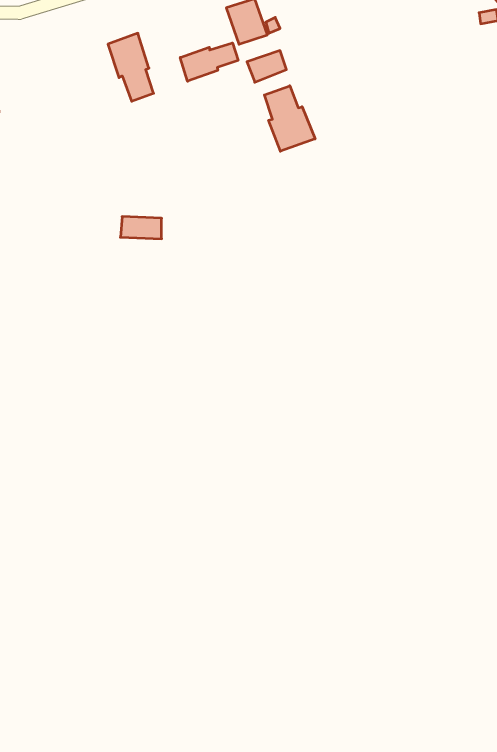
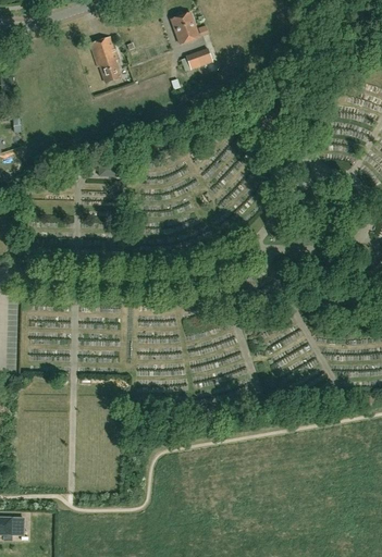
building: [180,43,238,81] -> none
building: [264,86,315,151] -> none

